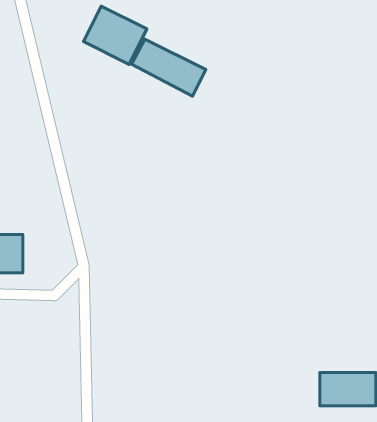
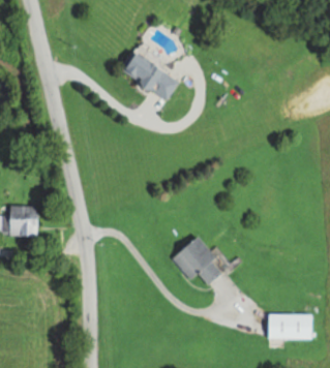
building: [83,6,147,64] -> none
building: none -> [172,237,226,285]

